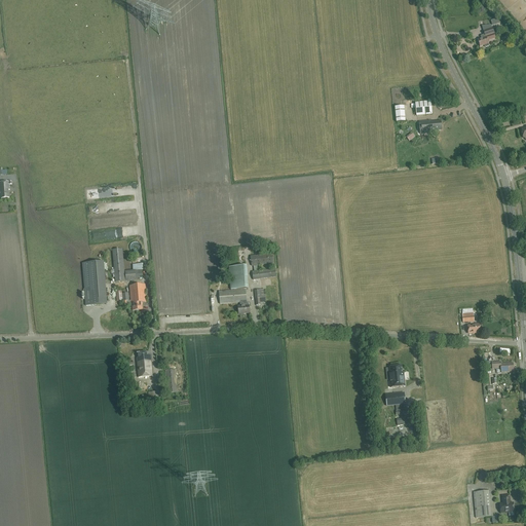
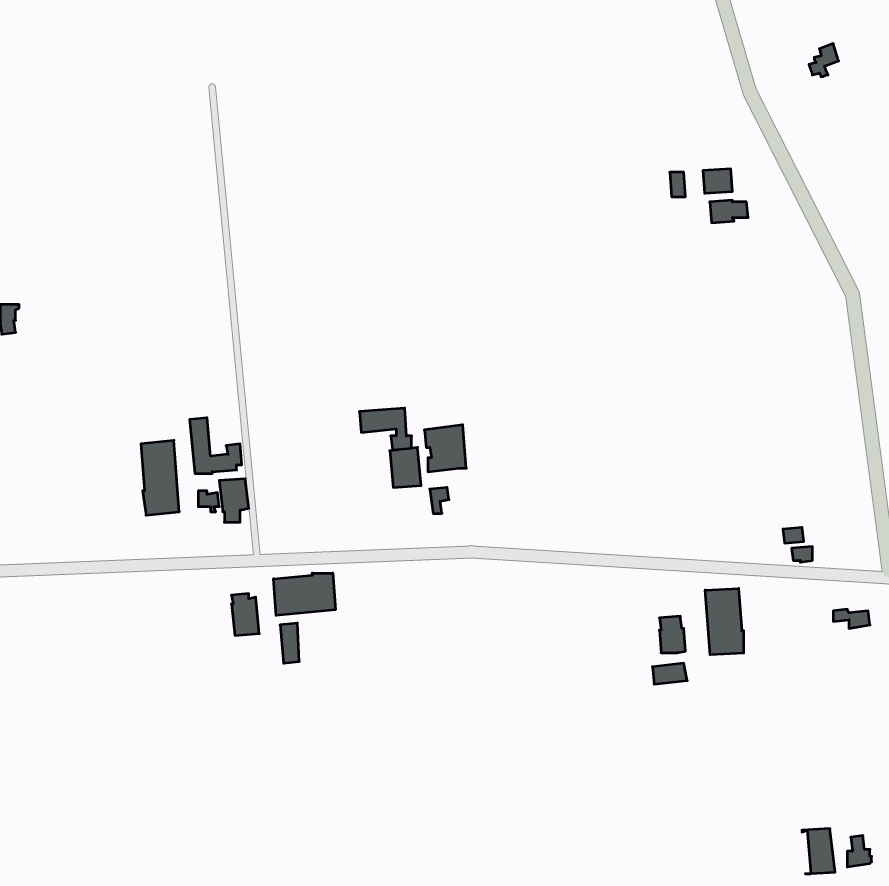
building: [219,288,250,312] -> [359,408,412,450]
building: none -> [274,573,335,615]
building: none -> [705,588,744,655]

